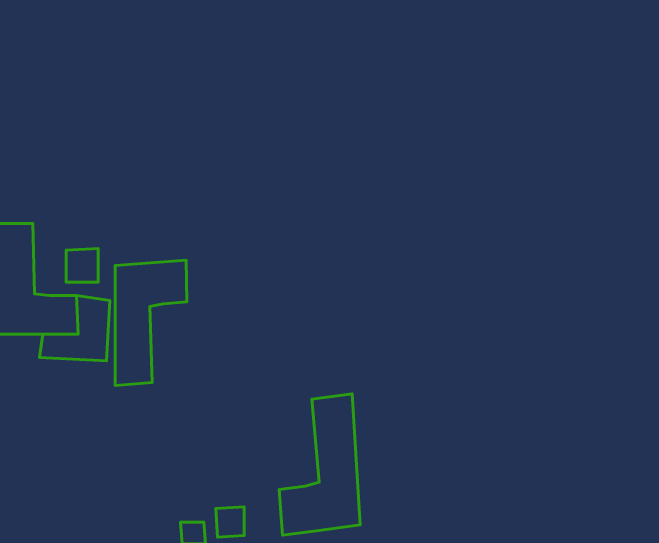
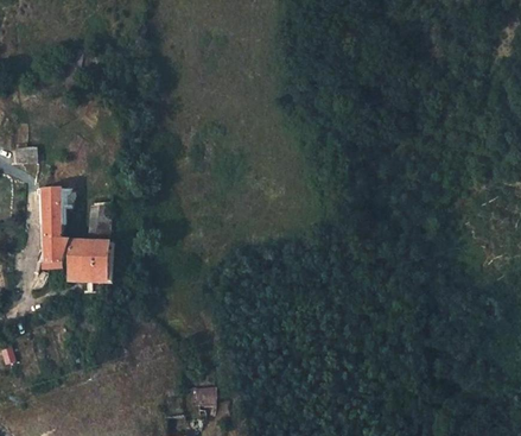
building: [115,260,187,385] -> none
building: [279,394,360,535] -> none

